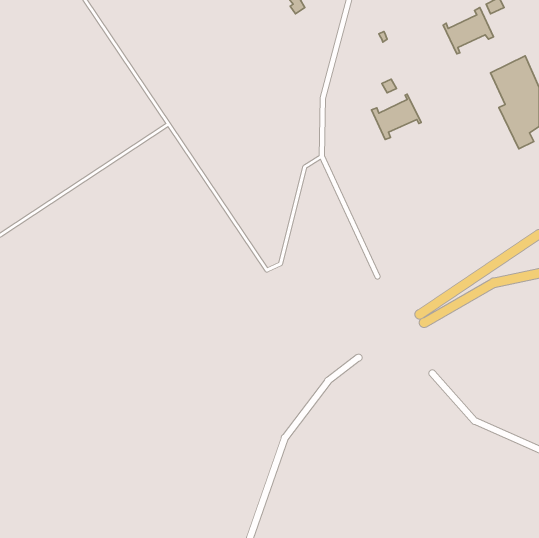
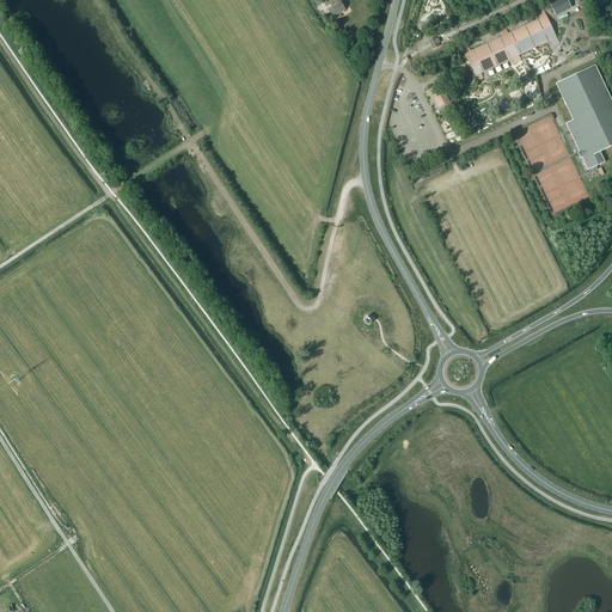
building: [371,94,421,139] -> [461,29,518,80]

